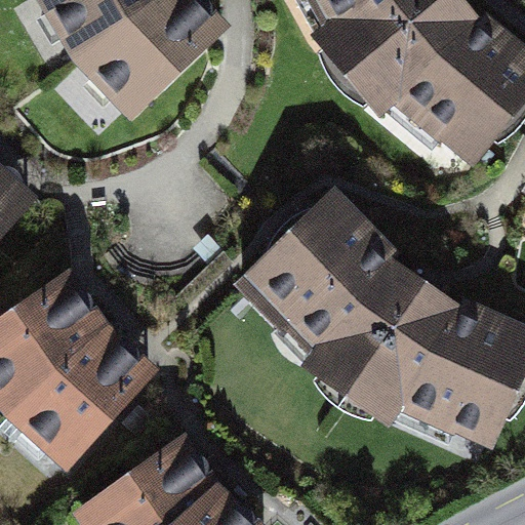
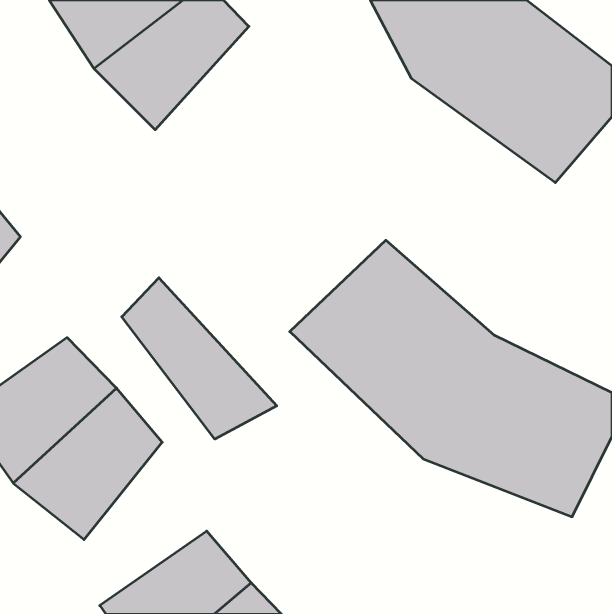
building: none -> [122,278,277,439]

